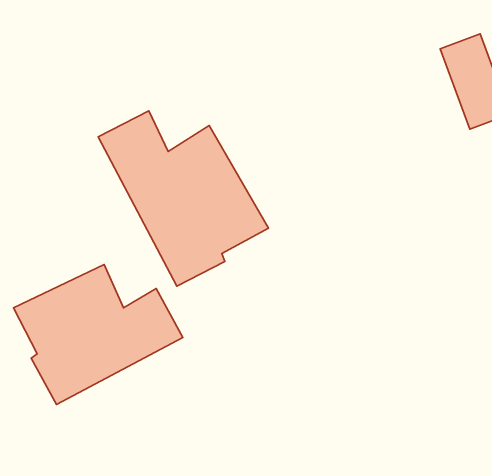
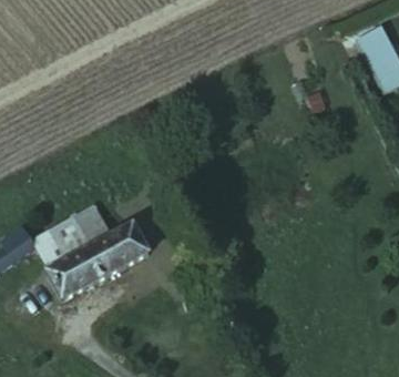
building: [98,111,269,286] -> none

